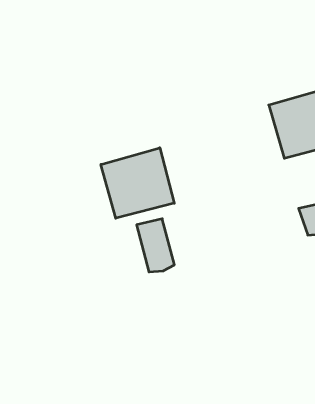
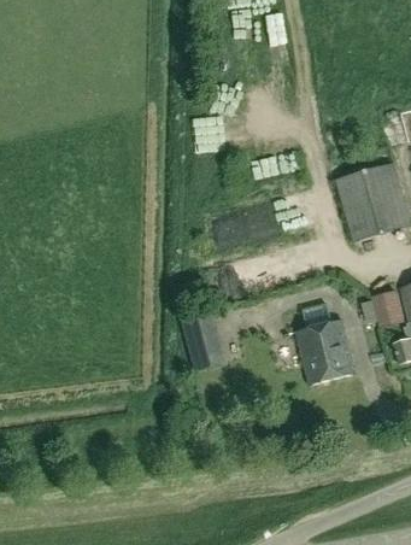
building: [101,148,174,218] -> none
building: none -> [294,305,357,388]

